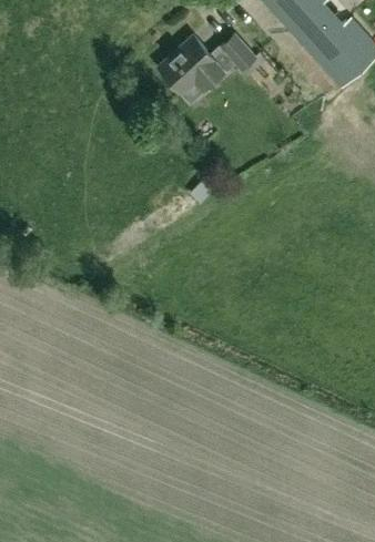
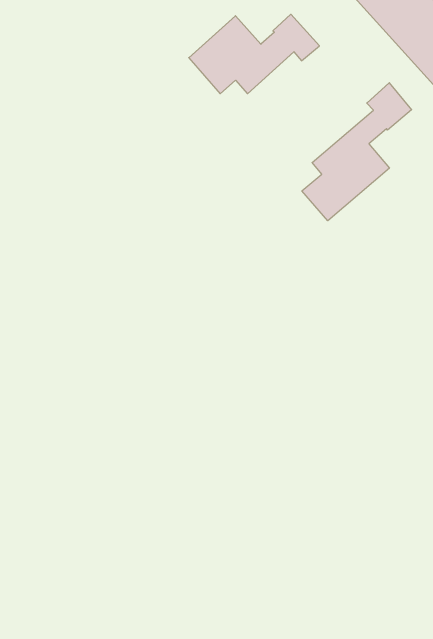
building: none -> [302,83,412,221]

